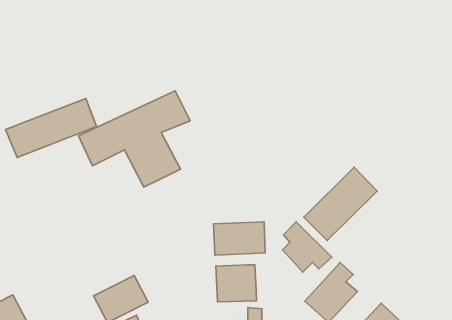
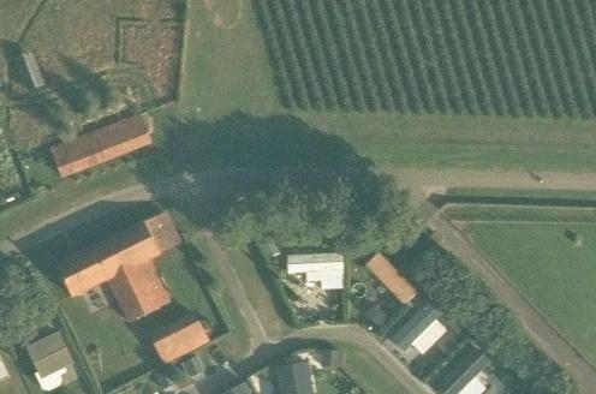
building: [78,91,190,187] -> [58,213,183,321]
building: [304,167,377,241] -> none
building: [216,265,257,302] -> none

